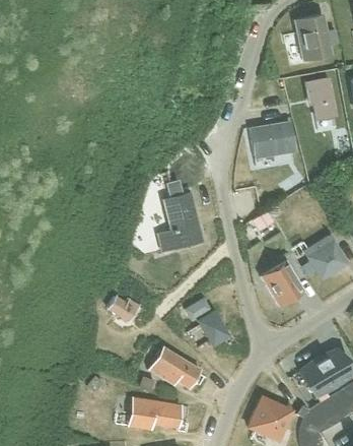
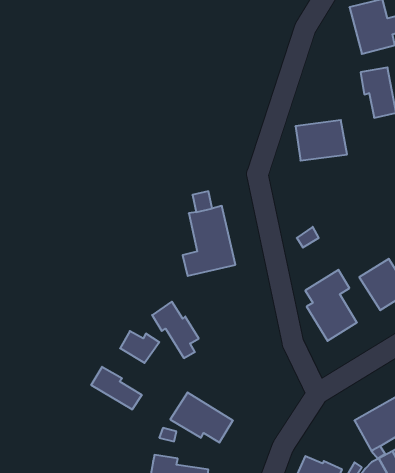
building: [187,298,225,344] -> [152,302,199,358]
building: none -> [91,367,142,410]

